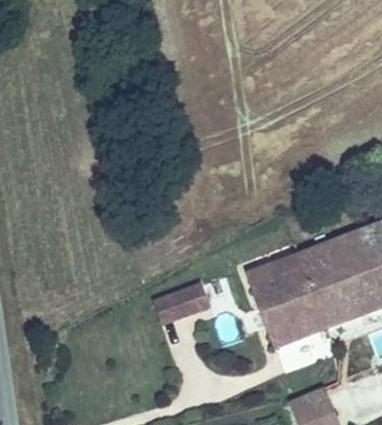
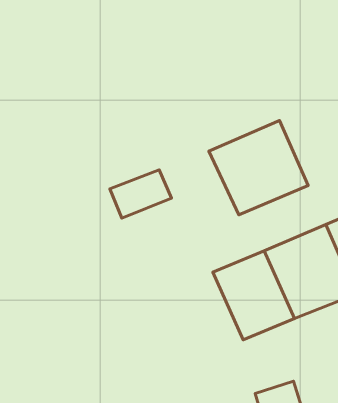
building: none -> [209,121,308,215]
building: [151,278,212,326] -> [110,170,171,218]

